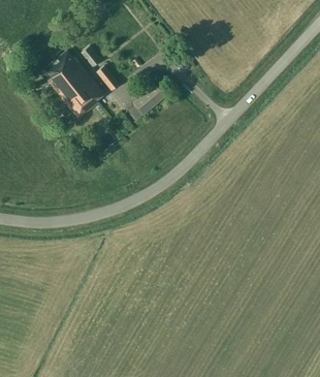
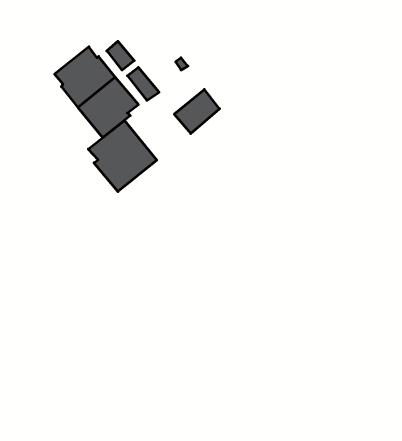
building: none -> [88,121,157,192]

